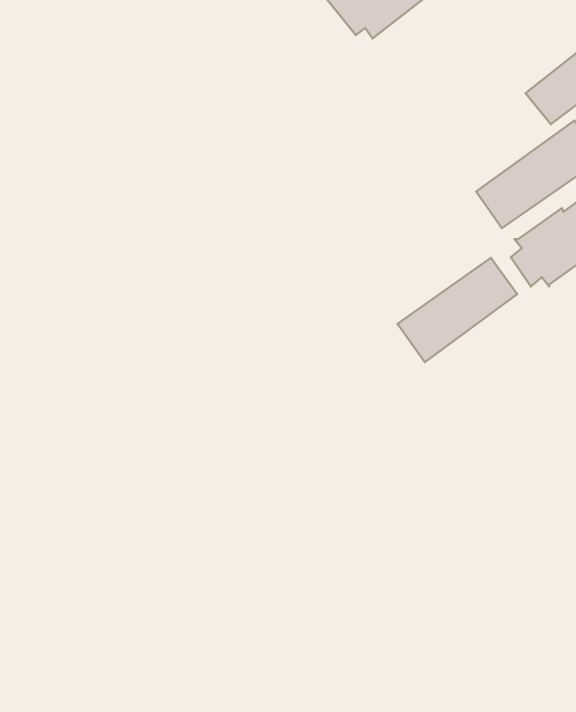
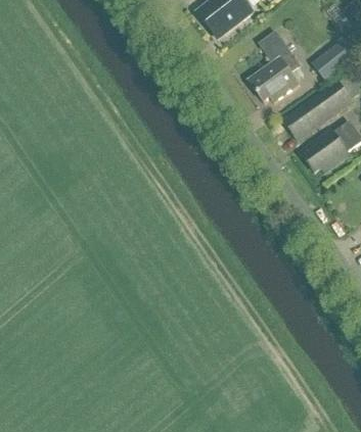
building: none -> [246,30,299,101]
building: [397,258,517,362] -> none

